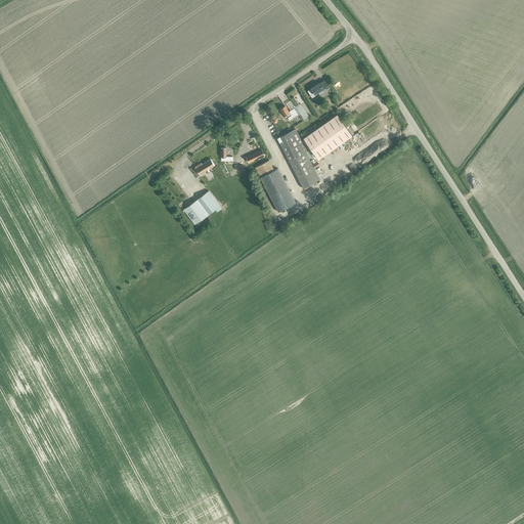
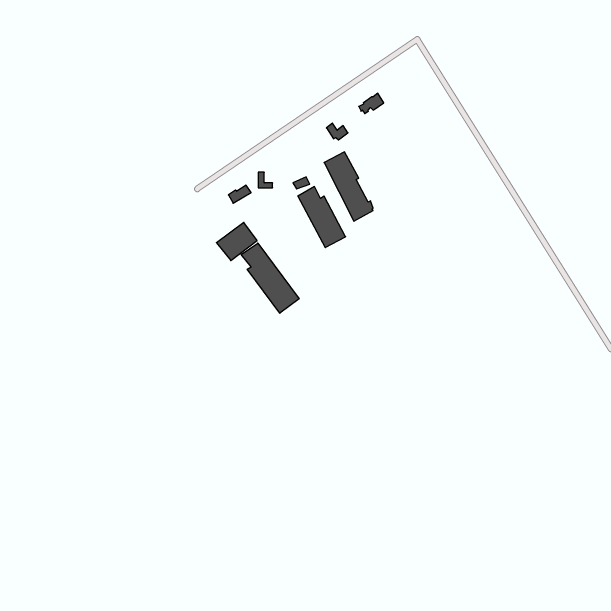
building: [303,114,352,159] -> none
building: none -> [241,243,299,313]

